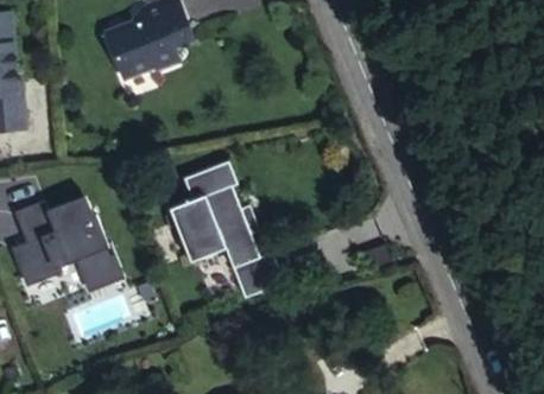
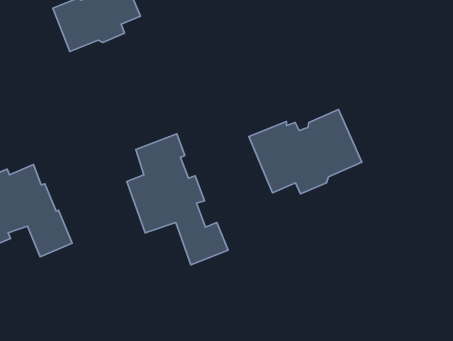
building: none -> [249,110,362,194]

